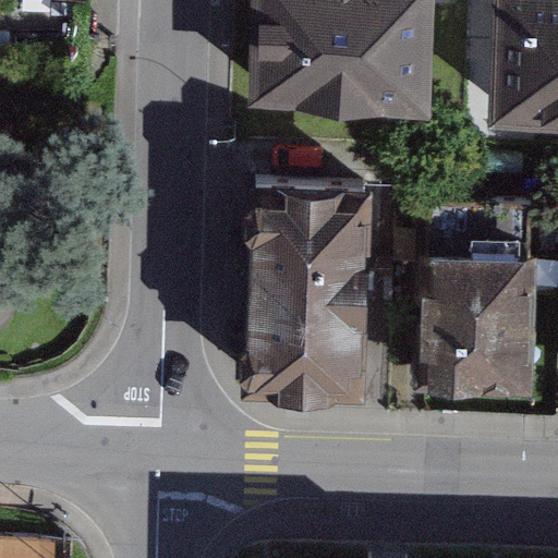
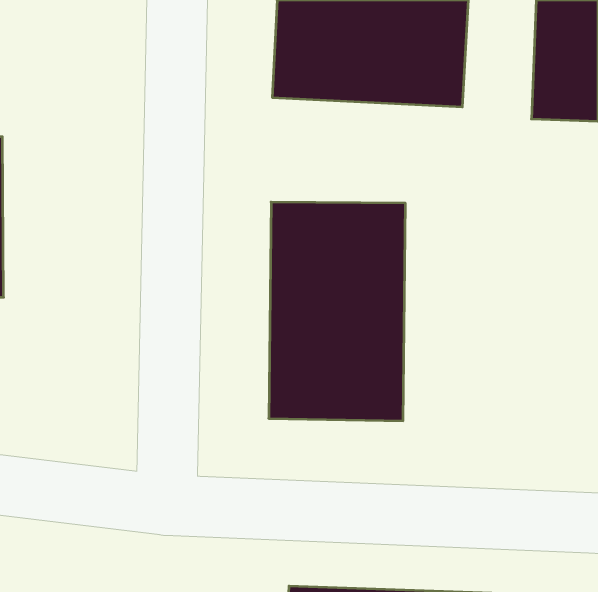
building: [422,215,535,403] -> none

